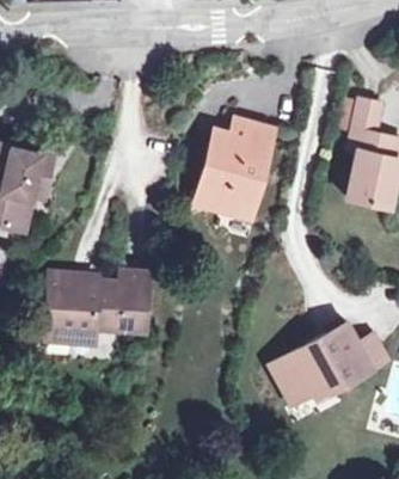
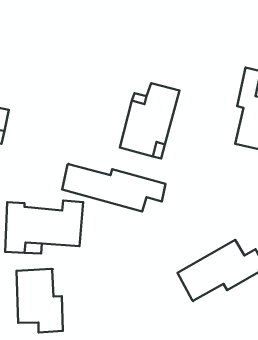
building: none -> [62,164,166,211]
building: none -> [16,269,63,332]

